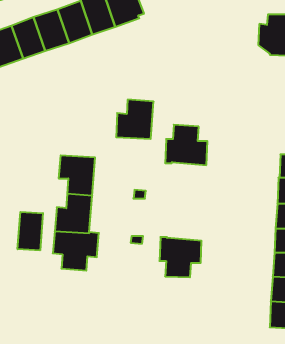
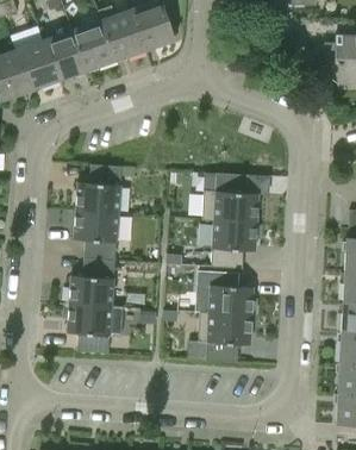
building: [116,100,154,139] -> [76,164,123,213]
building: none -> [212,219,257,269]
building: [18,212,43,250] -> none
building: none -> [208,285,256,317]

